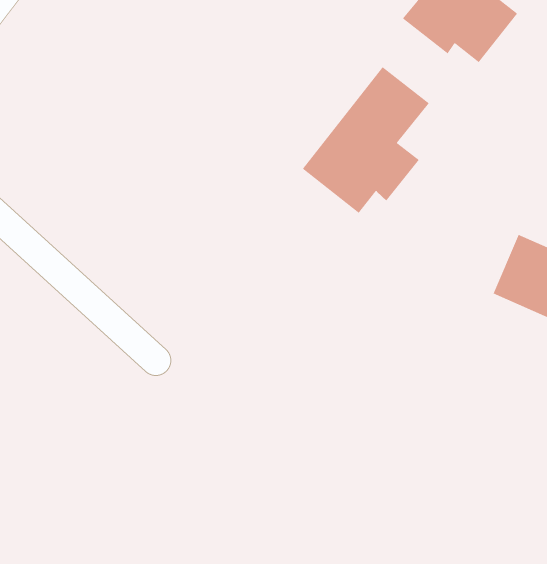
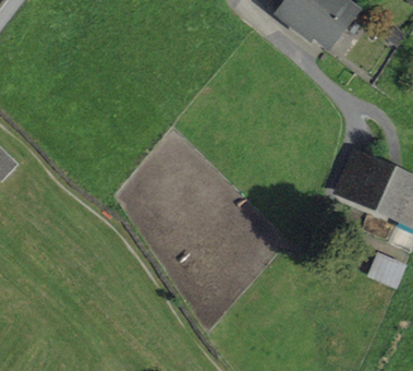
building: [302,66,430,214] -> none

